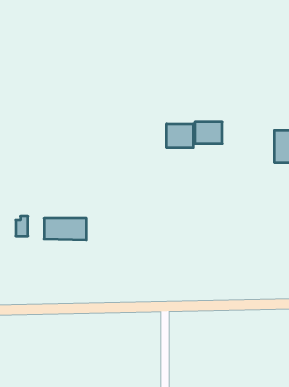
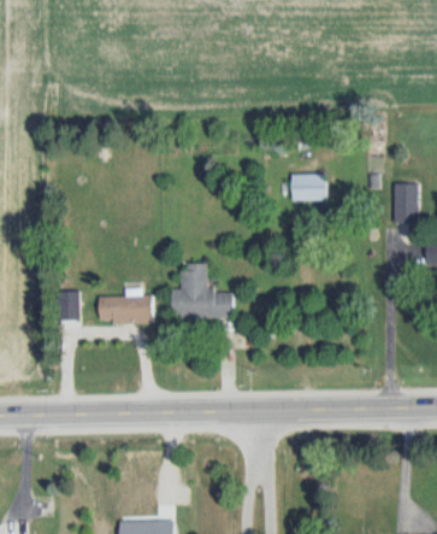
building: [167,124,193,148] -> none
building: none -> [172,264,232,319]

